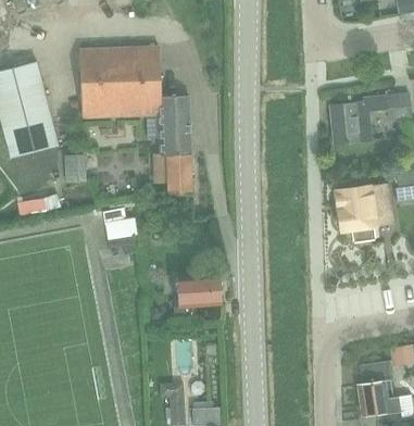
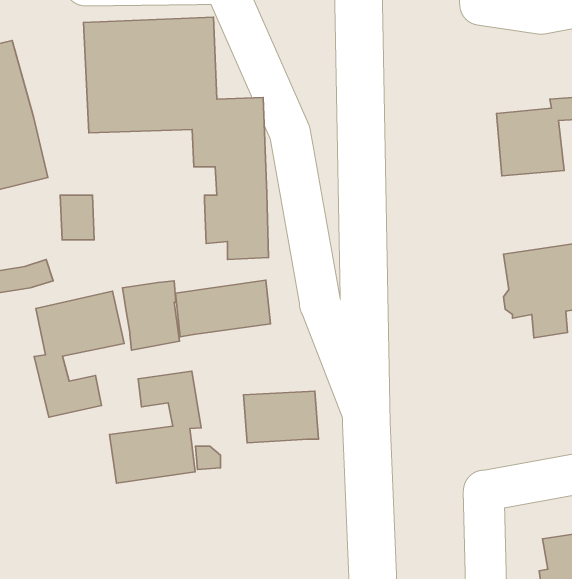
building: none -> [175,280,271,337]
building: none -> [34,291,124,417]
building: none -> [110,371,201,483]

